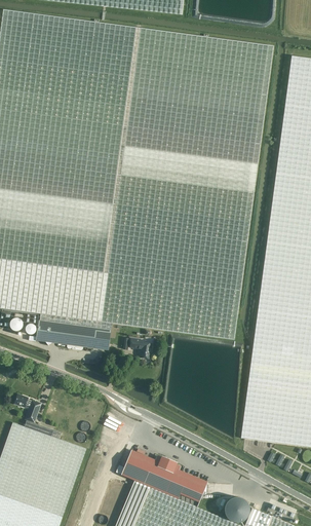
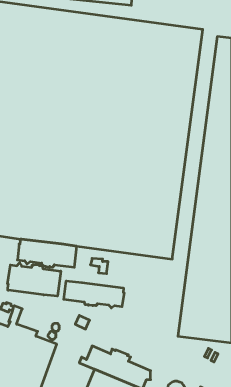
building: none -> [8,263,61,296]
building: none -> [64,281,124,308]

